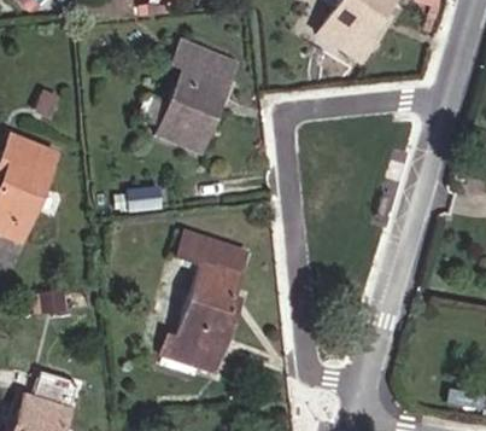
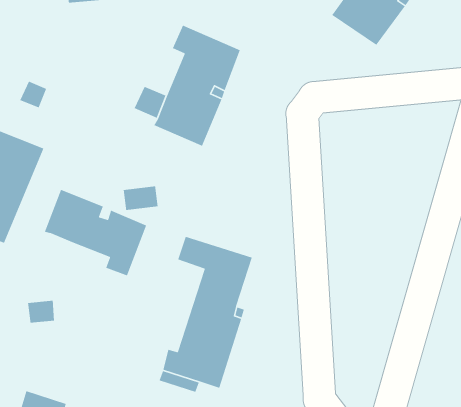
building: none -> [44,189,147,276]

